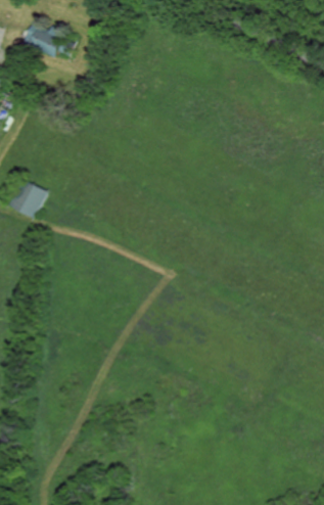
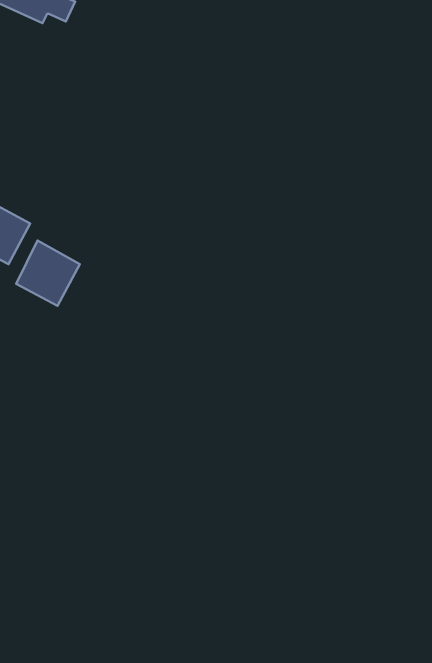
building: none -> [16,241,80,306]

